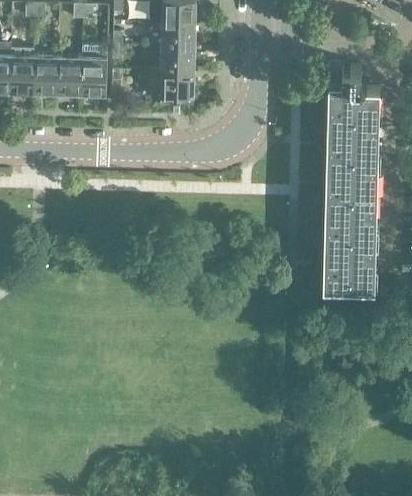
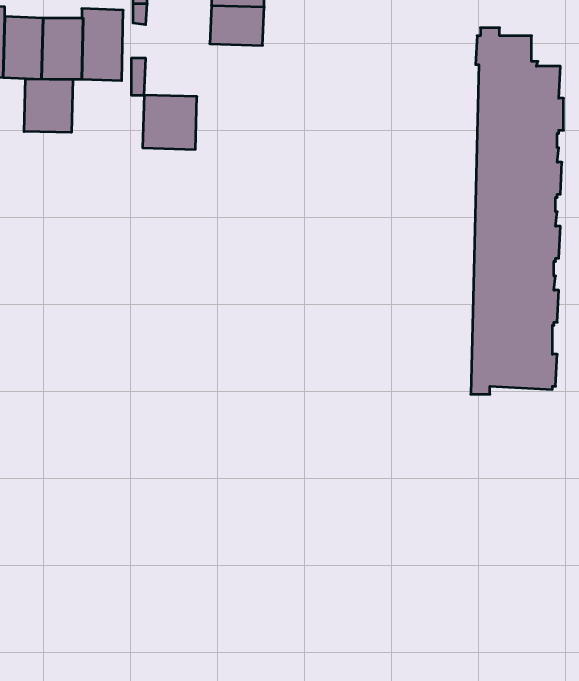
building: [160,74,194,108] -> [143,95,197,149]
building: none -> [24,79,73,132]

